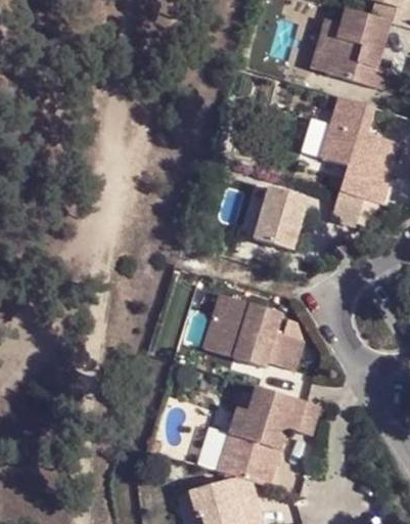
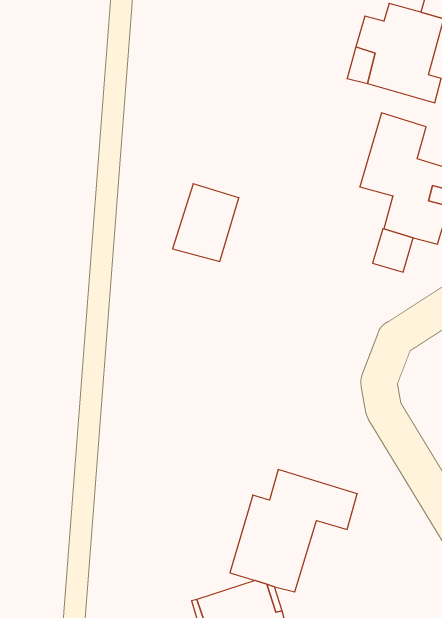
building: [254,187,307,250] -> [173,184,239,261]
building: [204,293,304,368] -> none

